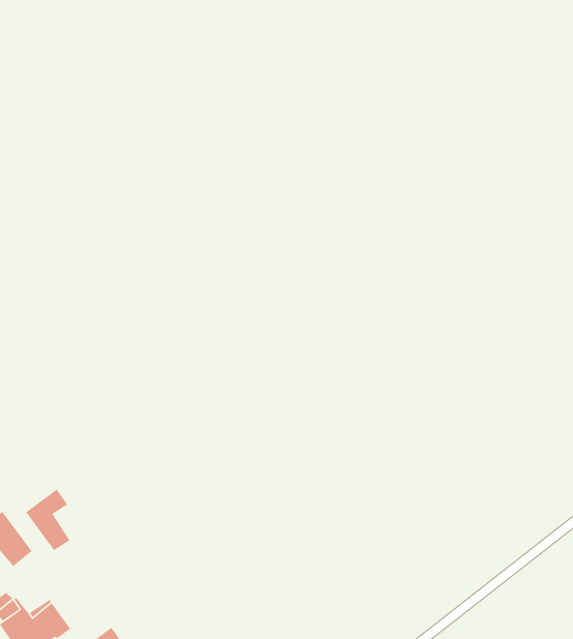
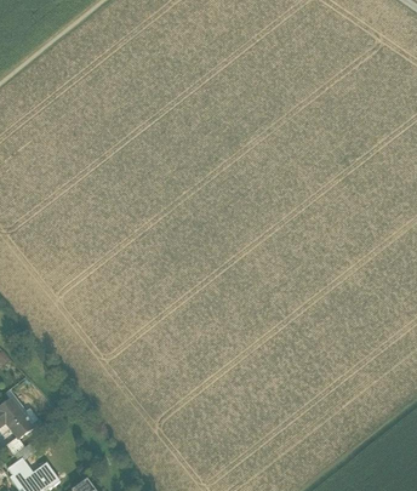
building: [25,489,70,551] -> none

